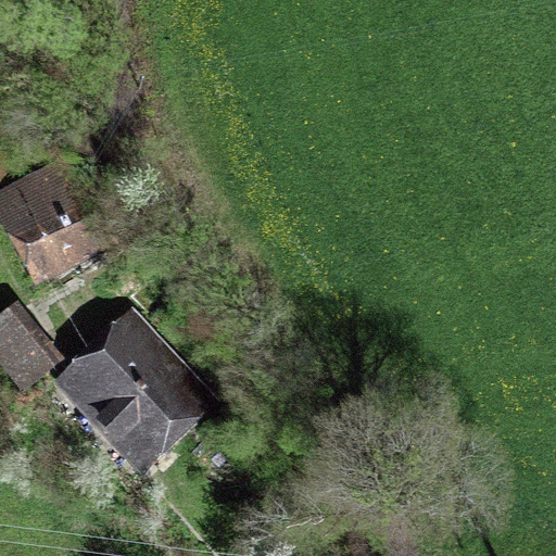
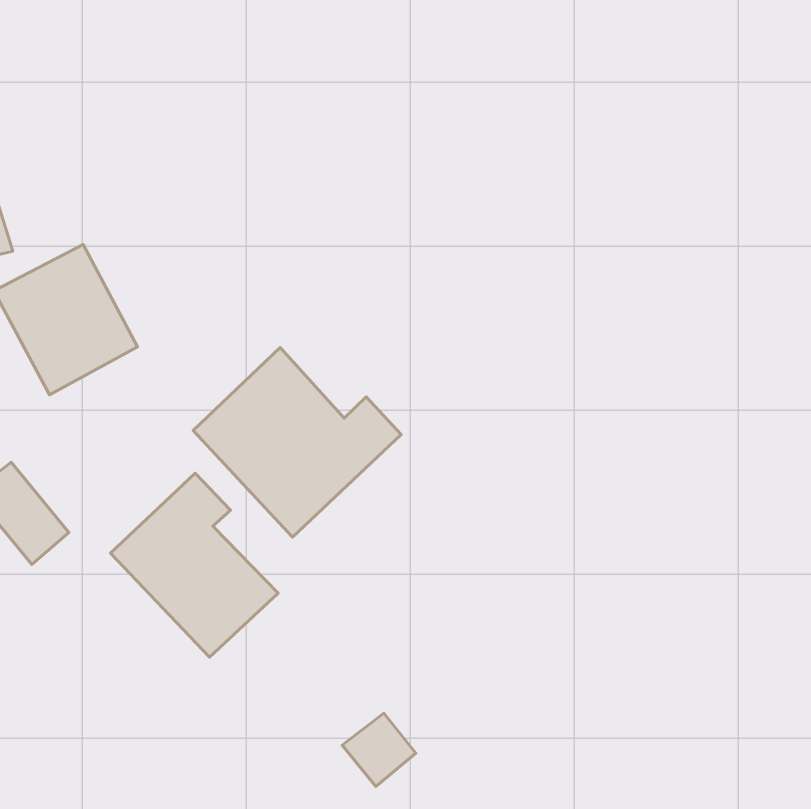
building: none -> [193,347,401,537]

